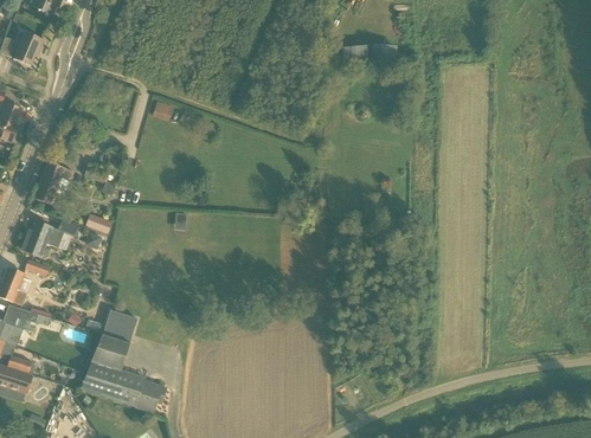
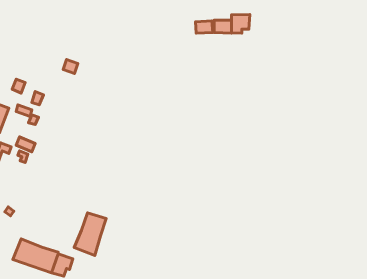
building: none -> [232,15,250,33]
building: [91,309,137,371] -> [74,213,106,256]

